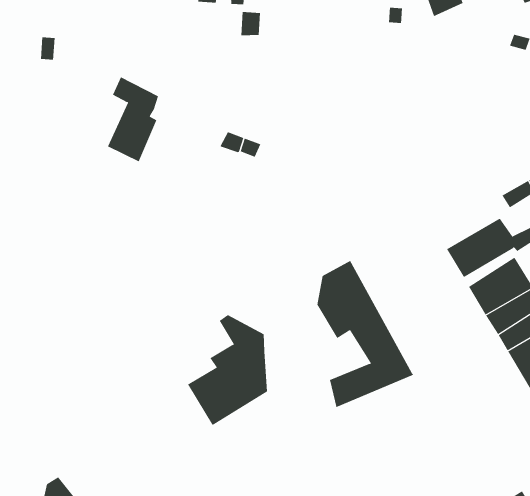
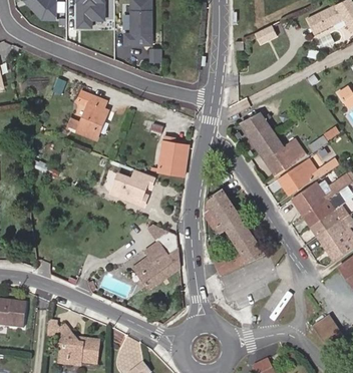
building: none -> [239,112,306,175]
building: none -> [157,141,189,175]
building: none -> [110,169,154,206]

